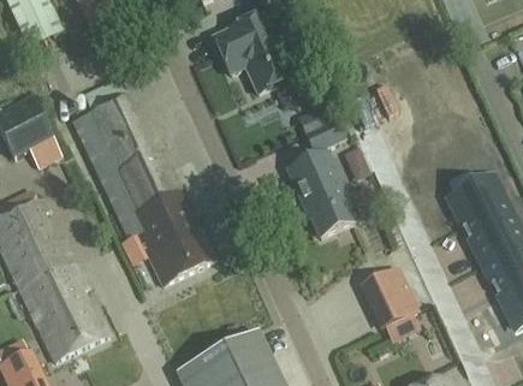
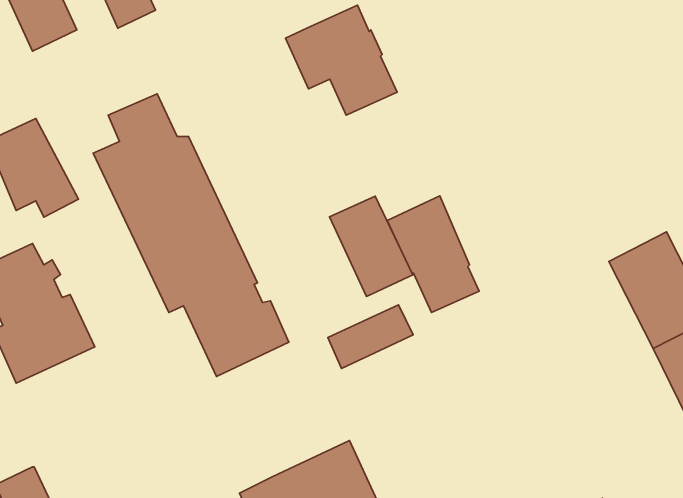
building: [303,117,345,153] -> none
building: none -> [330,196,413,297]
building: none -> [328,305,413,368]
building: [14,261,108,360] -> none
building: [362,266,417,326] -> none

